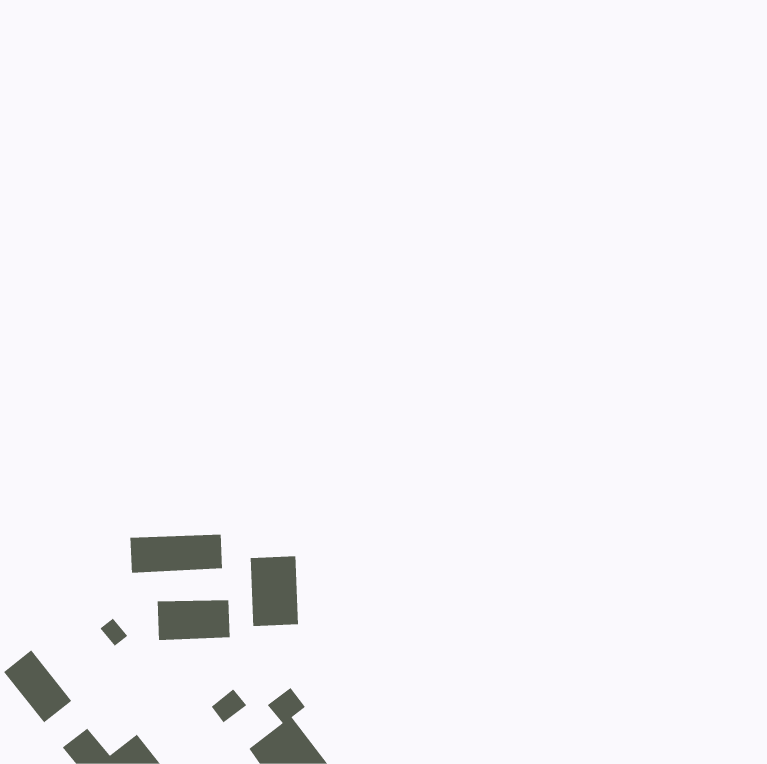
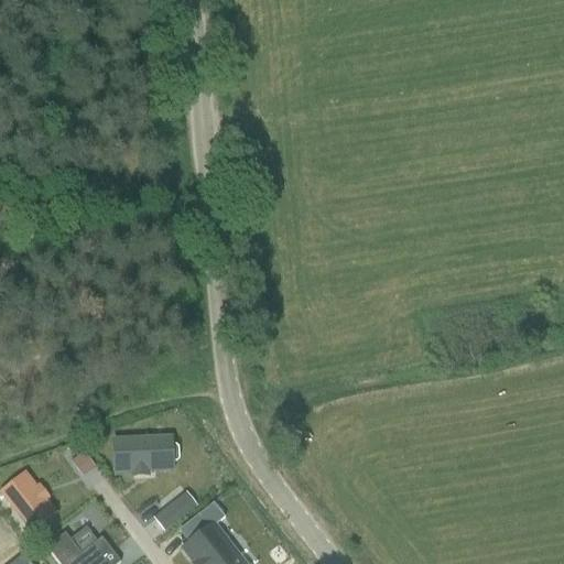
building: [130,534,222,573] -> none
building: [250,556,299,627] -> none

